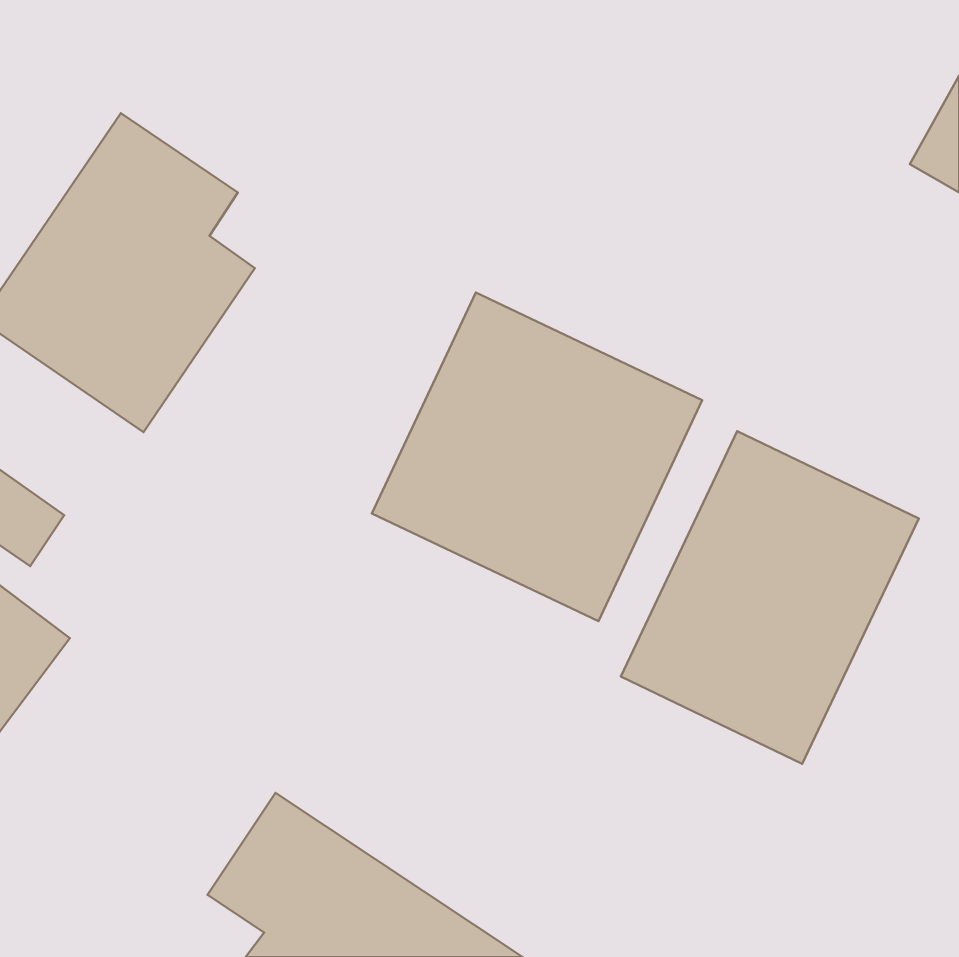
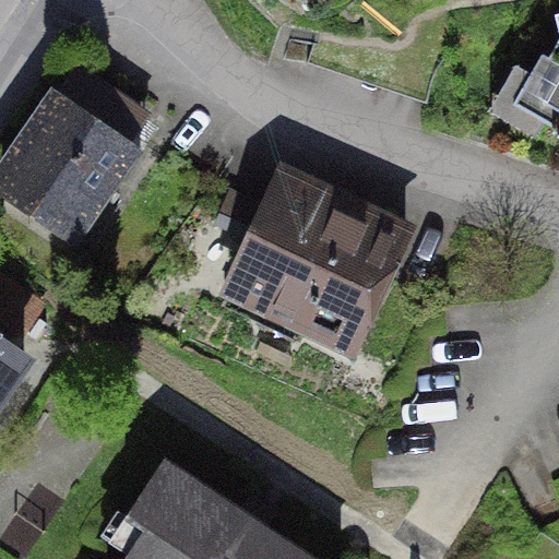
building: [621,431,919,764] -> none

